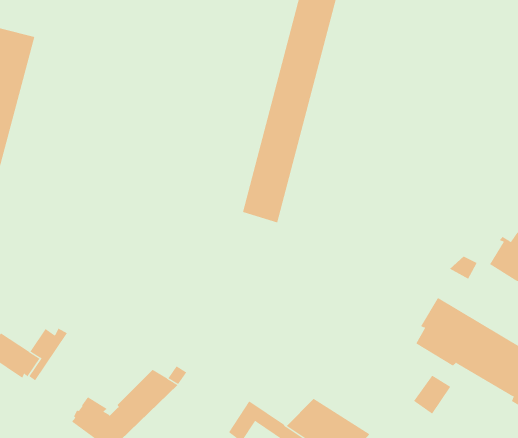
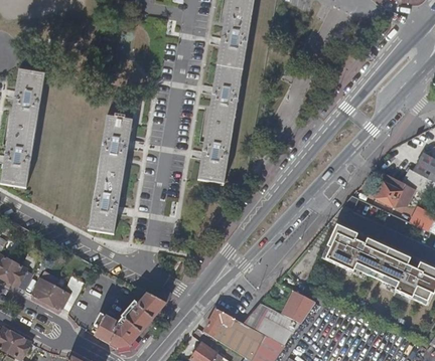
building: none -> [89,114,132,234]
building: [413,375,451,414] -> [288,294,313,321]

